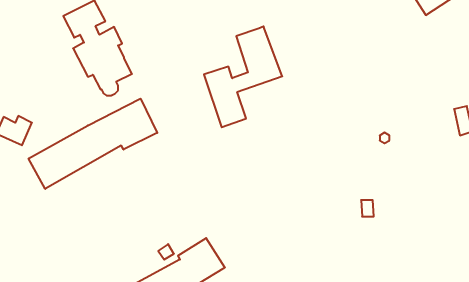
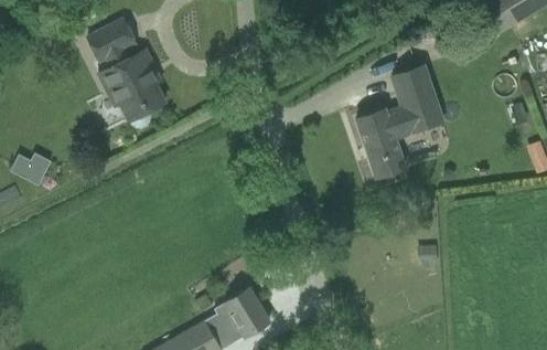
building: [204,26,282,127] -> [356,65,444,179]
building: [29,99,157,189] -> none

